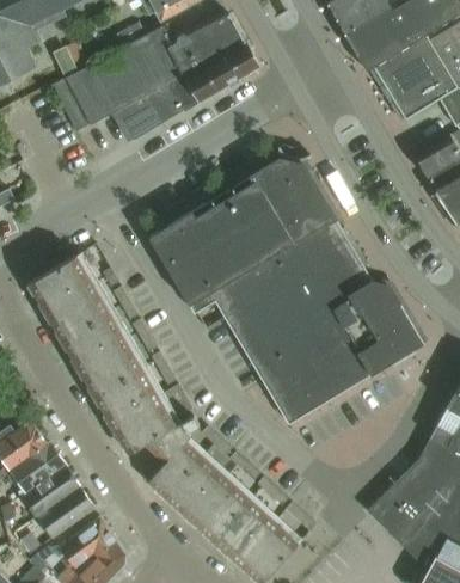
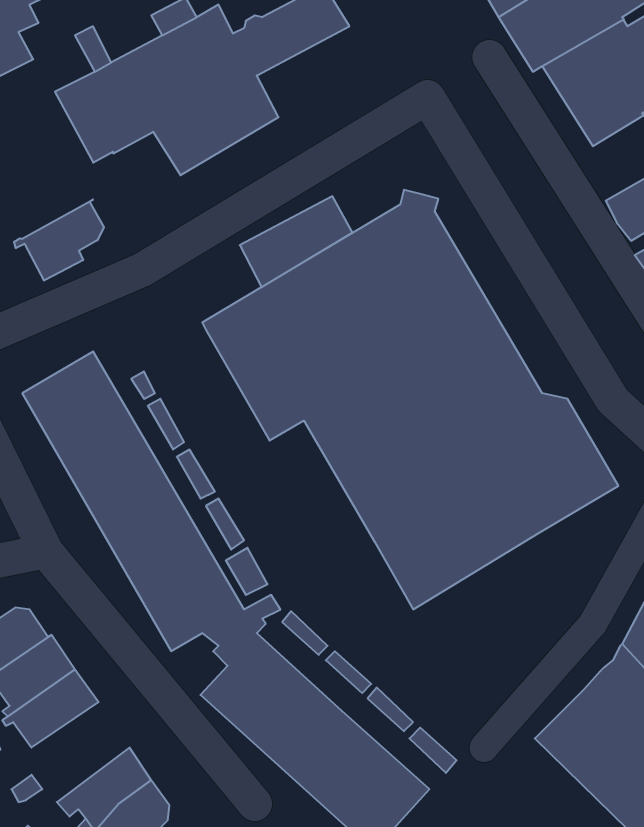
building: [185,42,259,102] -> [240,196,352,287]
building: none -> [14,199,104,281]
building: [37,486,96,538] -> none

